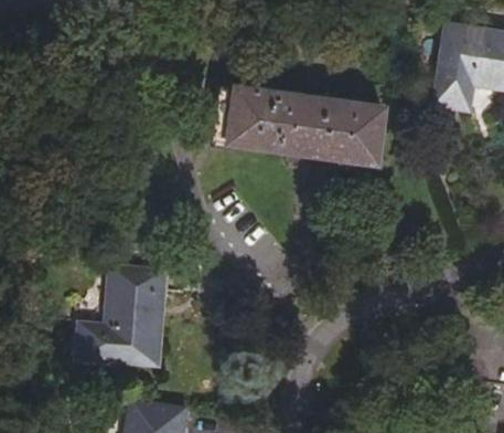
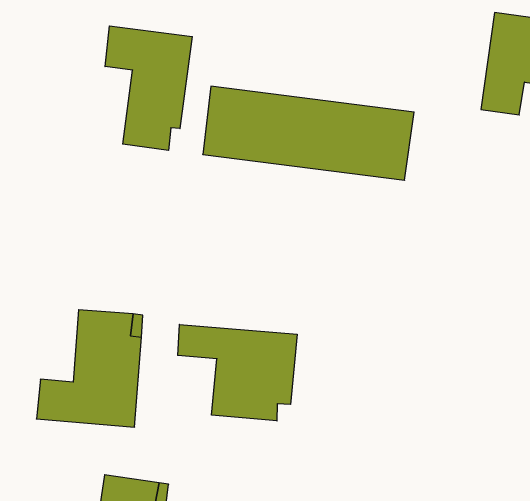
building: none -> [105,26,192,150]
building: none -> [178,324,297,421]

